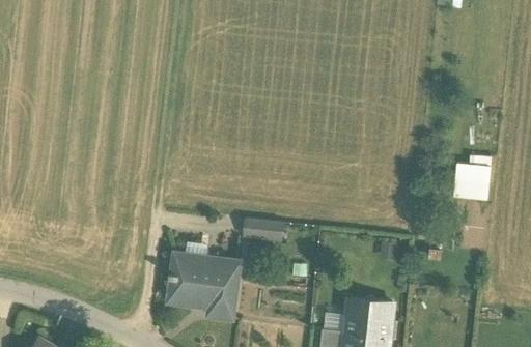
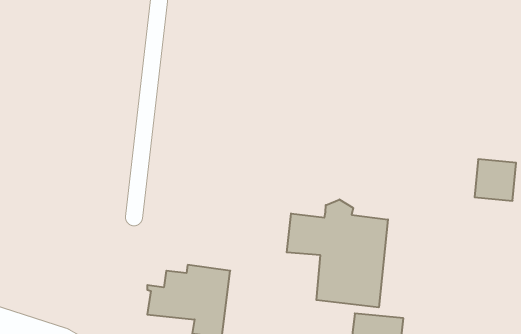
building: none -> [287,199,388,307]
building: [244,219,281,241] -> none

